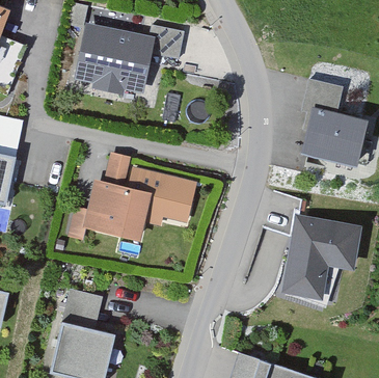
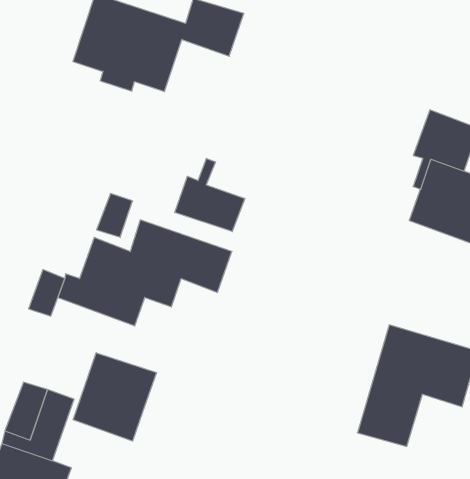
building: none -> [175,158,245,232]
building: none -> [73,353,156,441]

